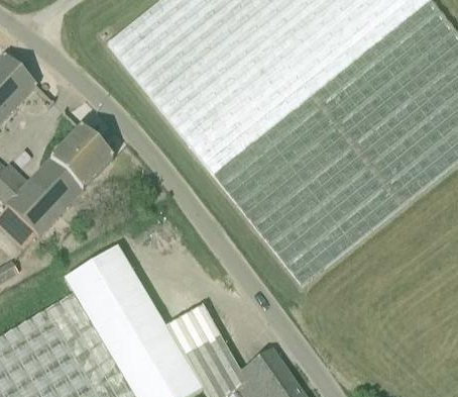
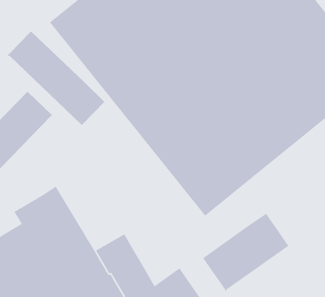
building: none -> [7,30,105,126]
building: none -> [202,213,289,292]

